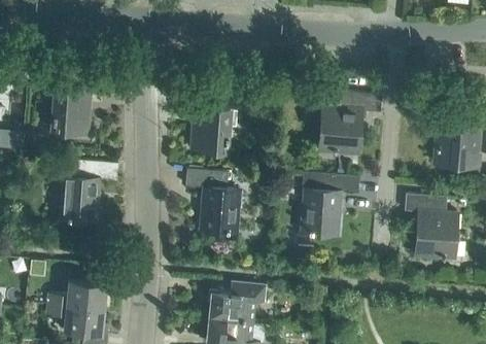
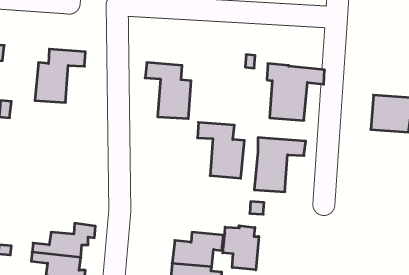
building: [61,162,118,222] -> none
building: [186,170,240,234] -> [197,122,244,178]
building: [405,196,458,259] -> none
building: none -> [223,226,259,270]

